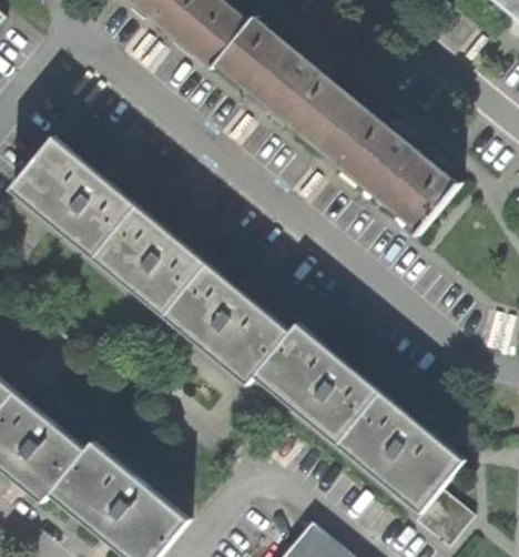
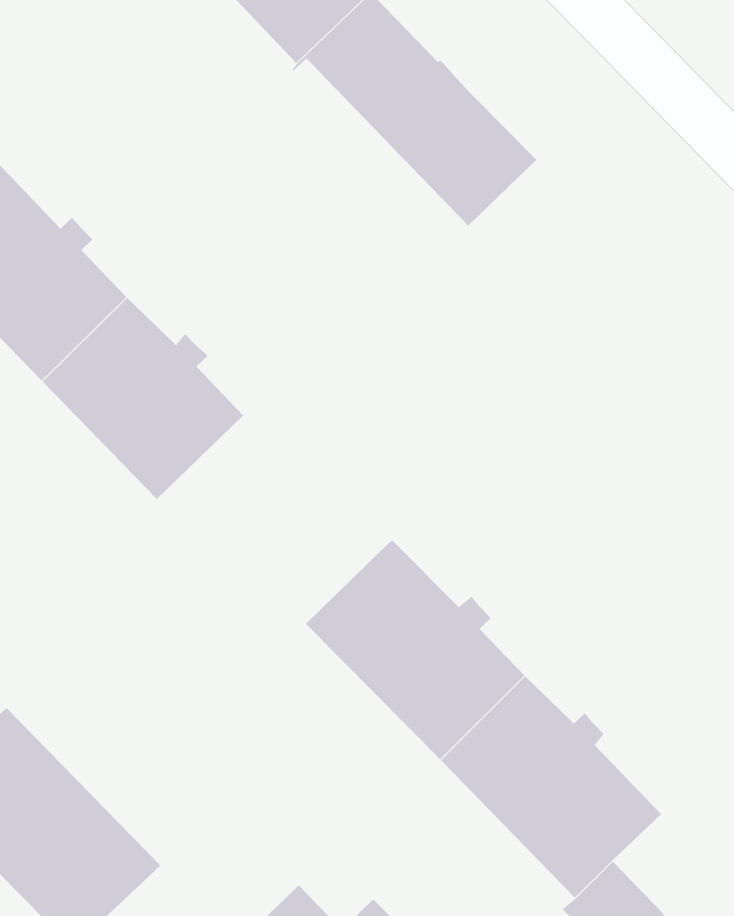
building: [319,103,458,235] -> none
building: [163,263,289,383] -> none

